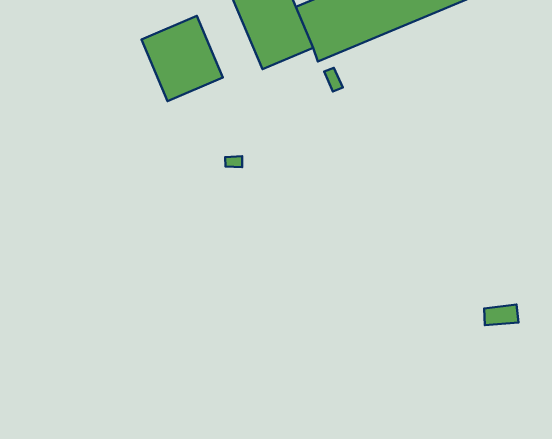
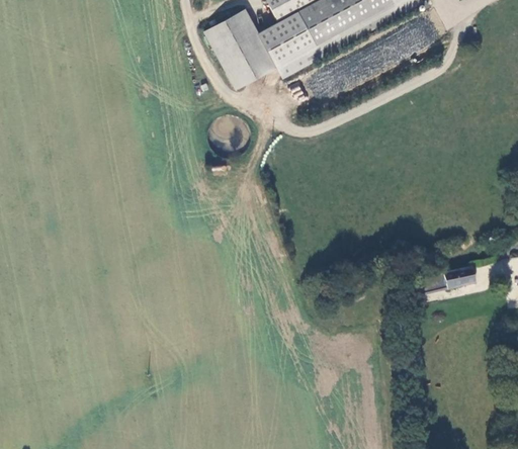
building: [141,16,223,101] -> none

